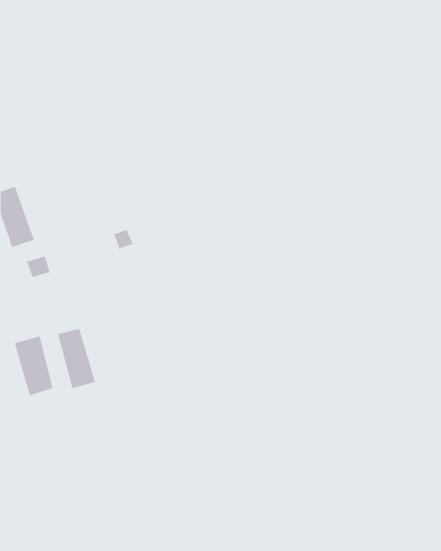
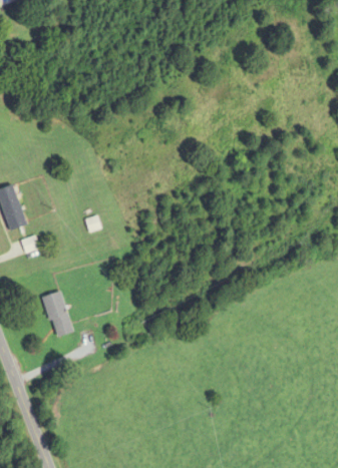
building: [14,336,53,396] -> none

